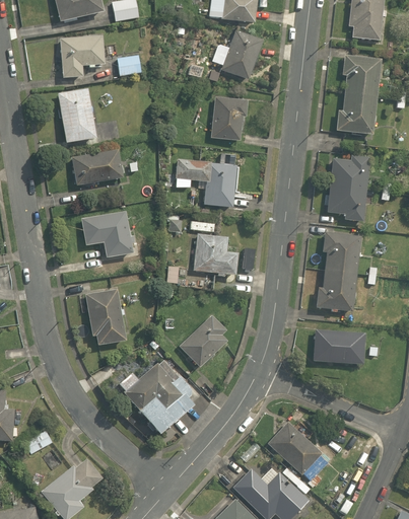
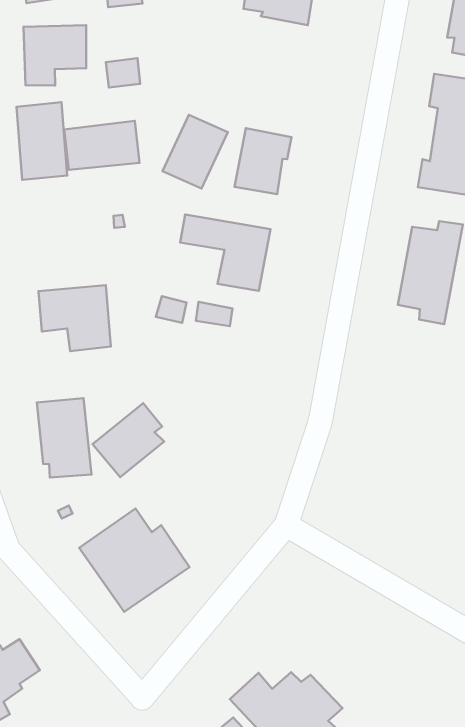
building: [221,30,264,80] -> [163,115,228,189]
building: [72,149,125,186] -> [64,121,139,170]
building: [317,229,358,311] -> none
building: [194,234,238,277] -> none
building: [180,315,228,367] -> [93,403,164,477]
building: [315,328,363,363] -> none
building: [267,423,319,474] -> none

